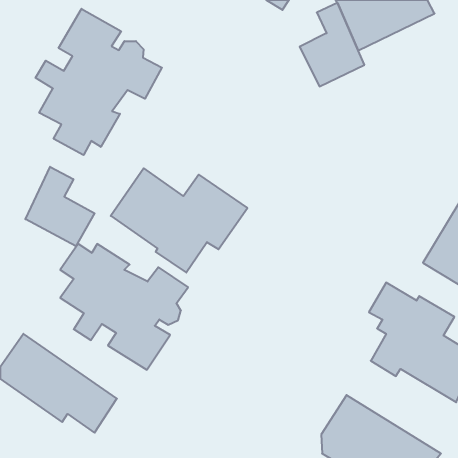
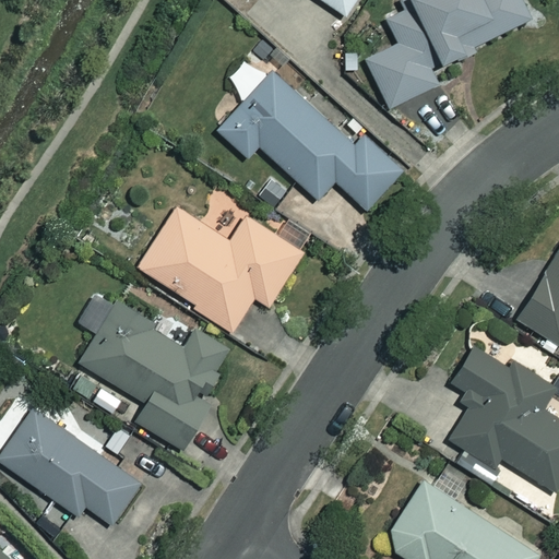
building: [36,9,162,155] -> none
building: none -> [218,57,403,210]
building: [25,167,95,246] -> none

